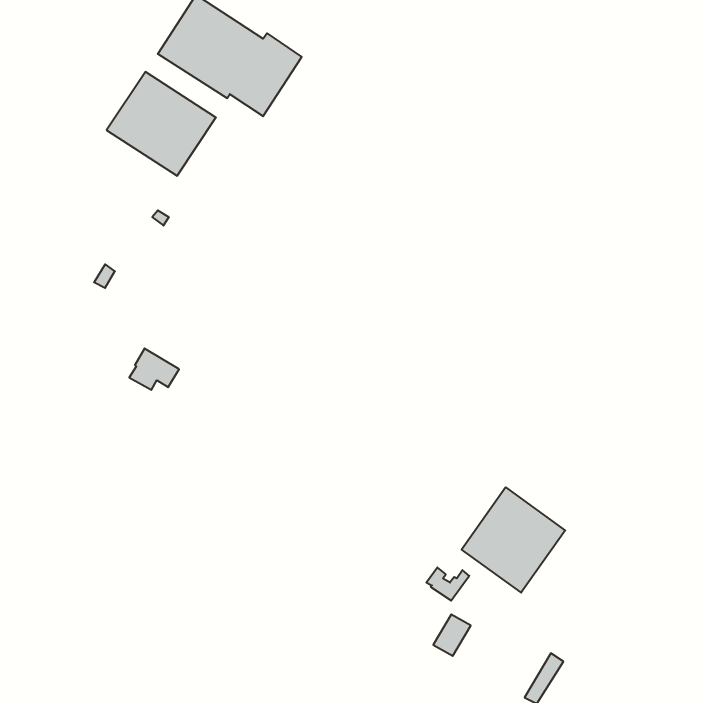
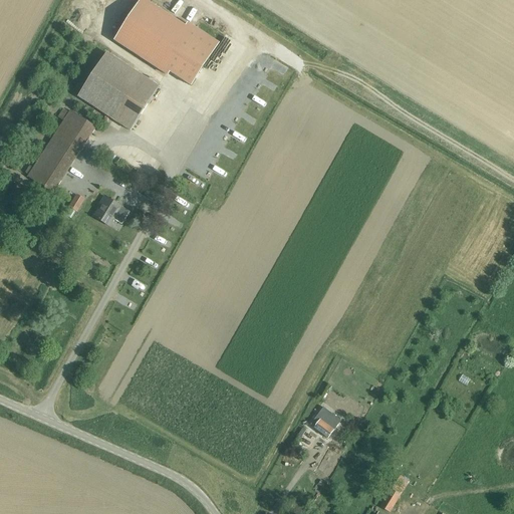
building: none -> [24,106,94,191]
building: [129,348,179,390] -> [92,194,128,224]
building: [462,487,565,593] -> none

